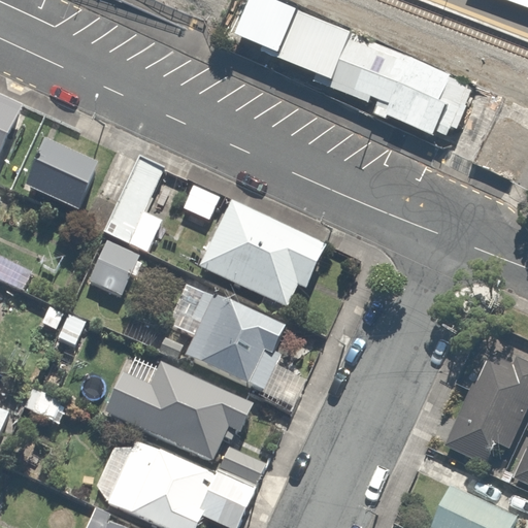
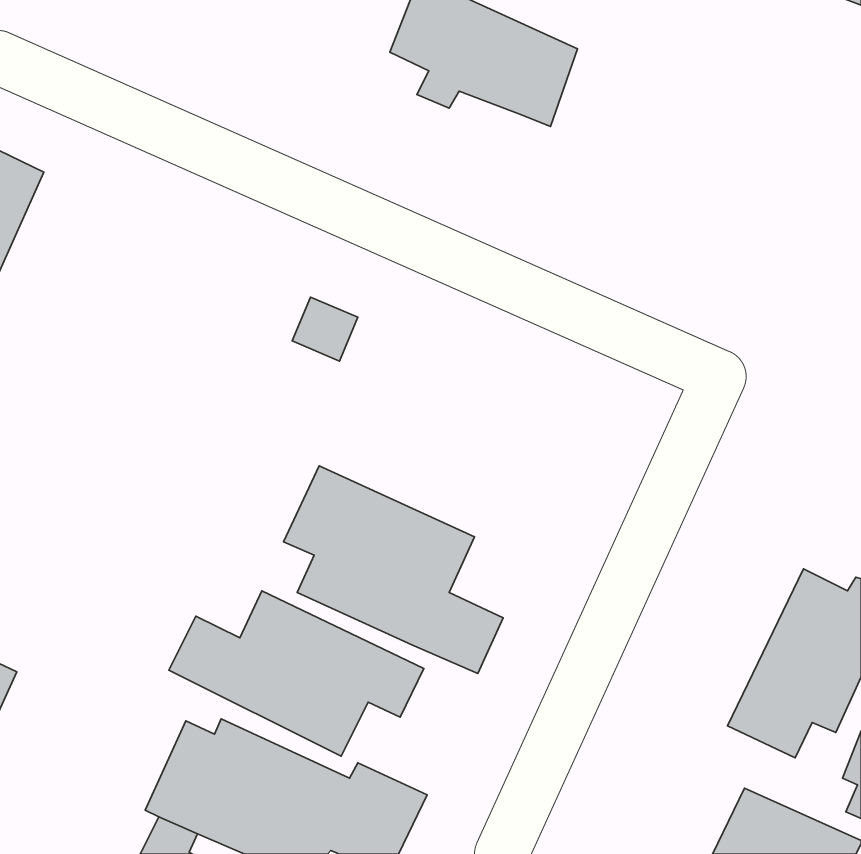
building: [315,30,472,134] -> none
building: [23,144,98,212] -> none
building: [85,159,167,296] -> none
building: [197,201,326,315] -> none

